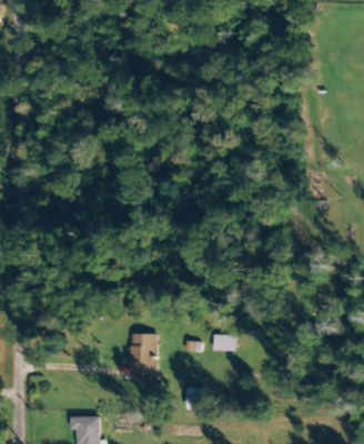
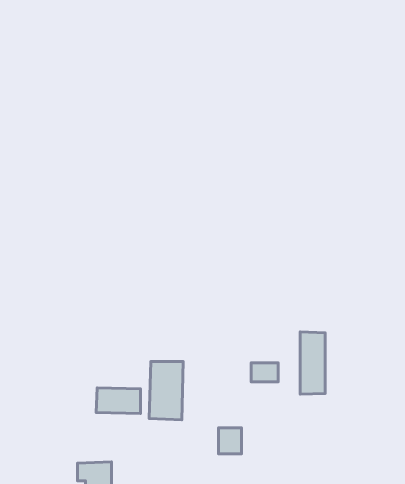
building: none -> [300,332,325,394]
building: none -> [96,388,141,414]

